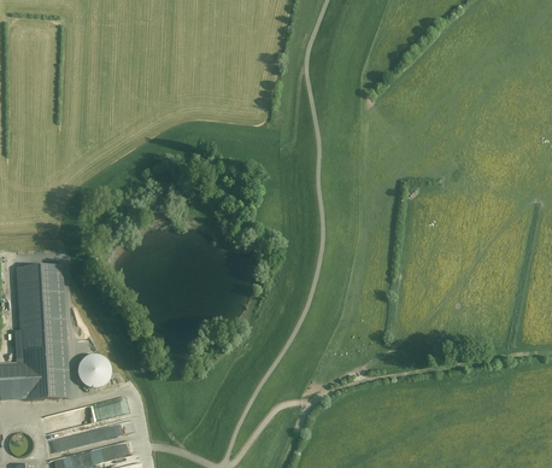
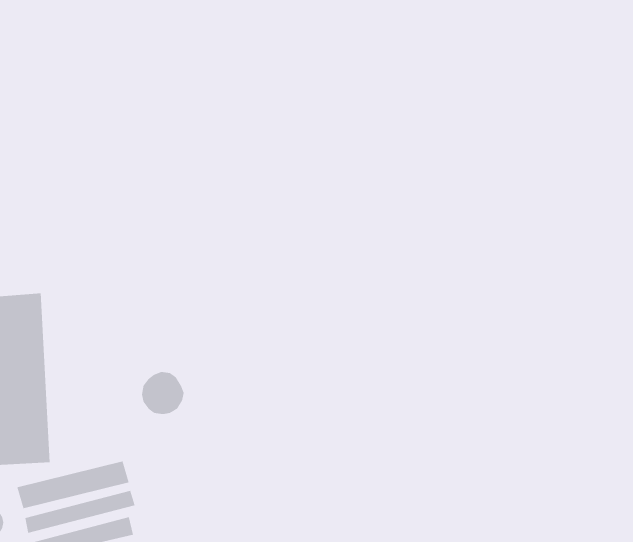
building: [77,353,111,387] -> [141,371,184,415]

